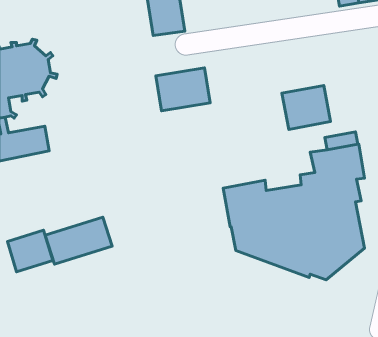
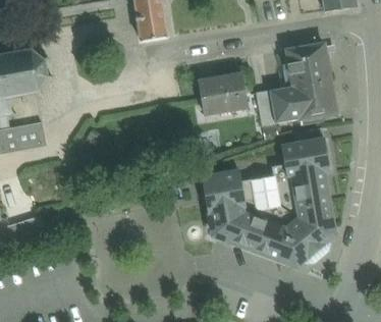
building: none -> [287,43,336,118]
building: [156,68,210,111] -> [199,74,248,113]
building: [45,217,112,264] -> none

